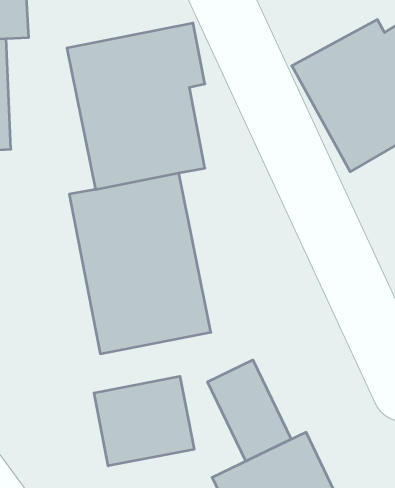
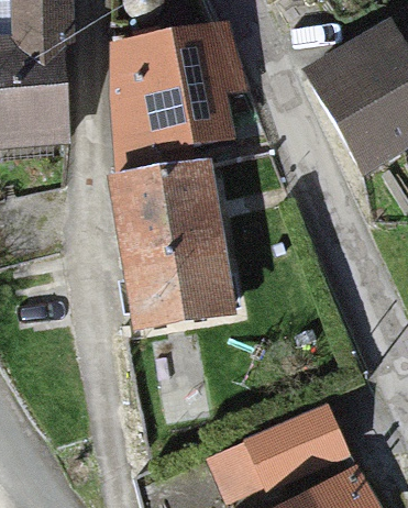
building: [208,360,291,461] -> none
building: [94,376,194,466] -> none

